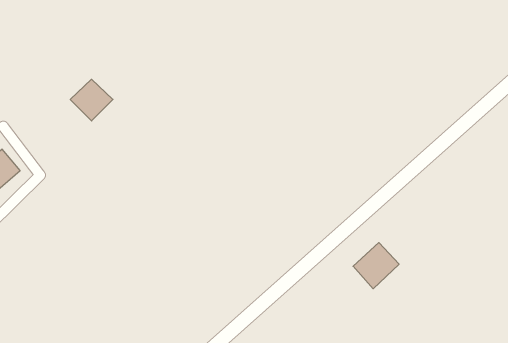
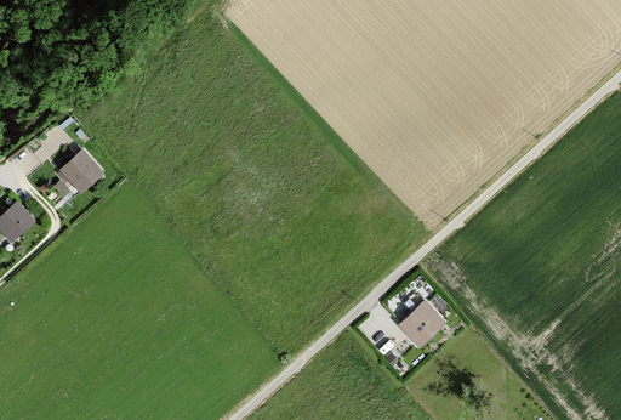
building: [70,79,113,121] -> [58,148,104,193]

